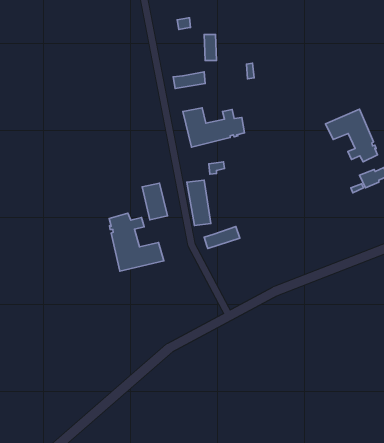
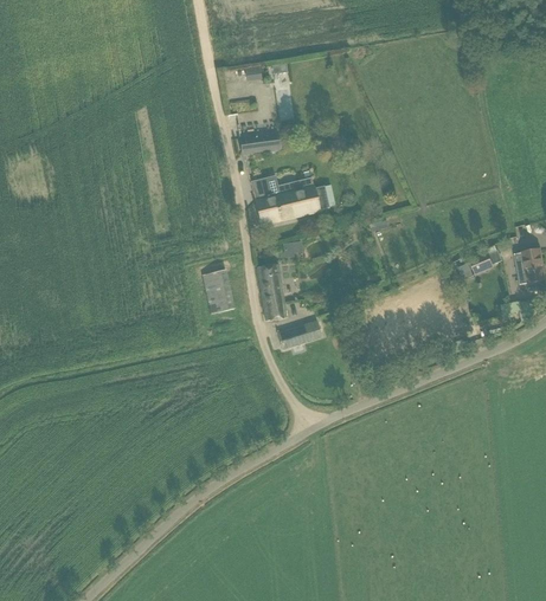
building: [326,109,378,162] -> none
building: [109,213,164,271] -> none

